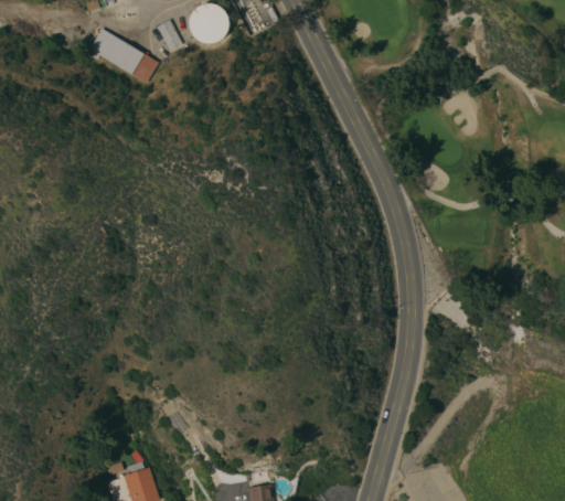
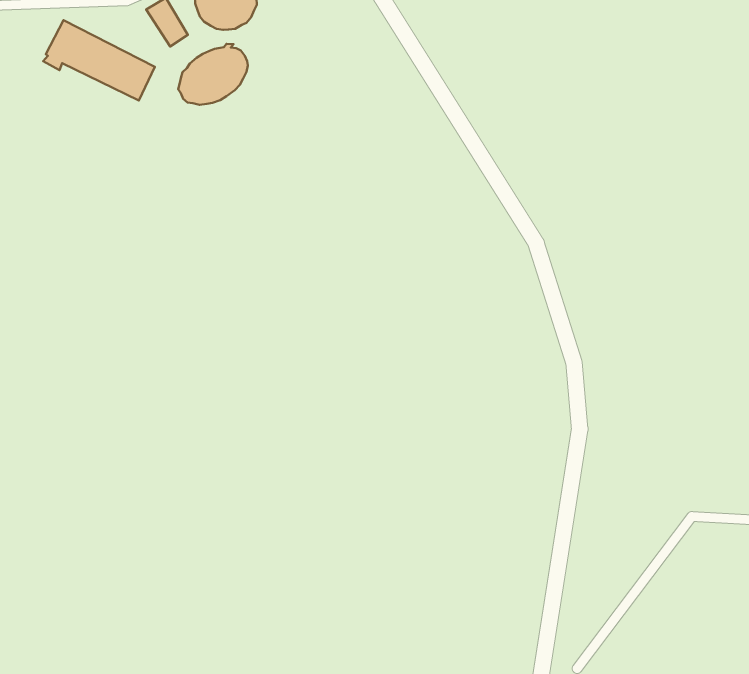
building: none -> [178,44,248,105]

